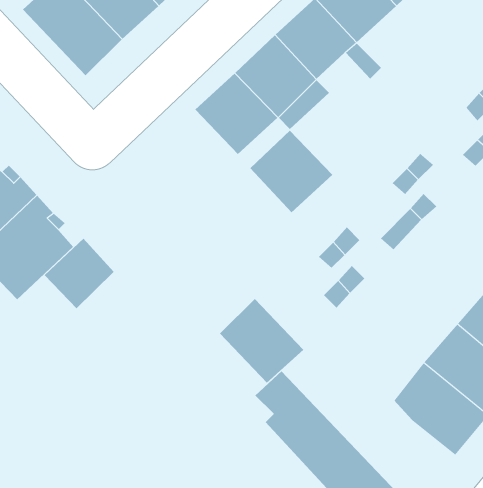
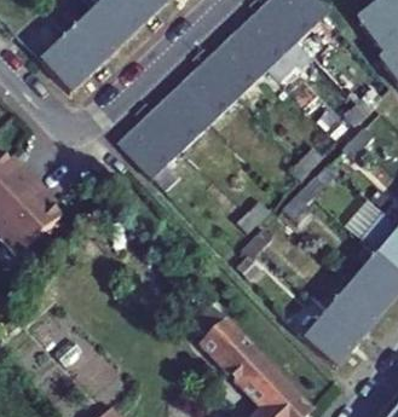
building: [250,130,333,213] -> [120,116,180,176]
building: [44,238,115,309] -> none
building: [219,298,304,384] -> none

